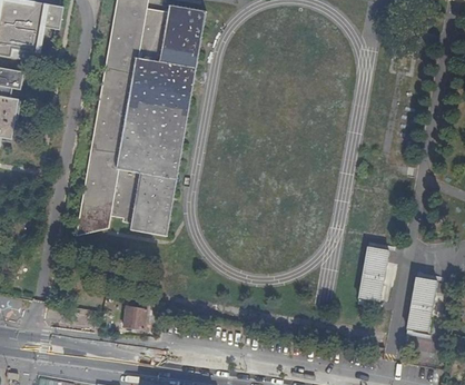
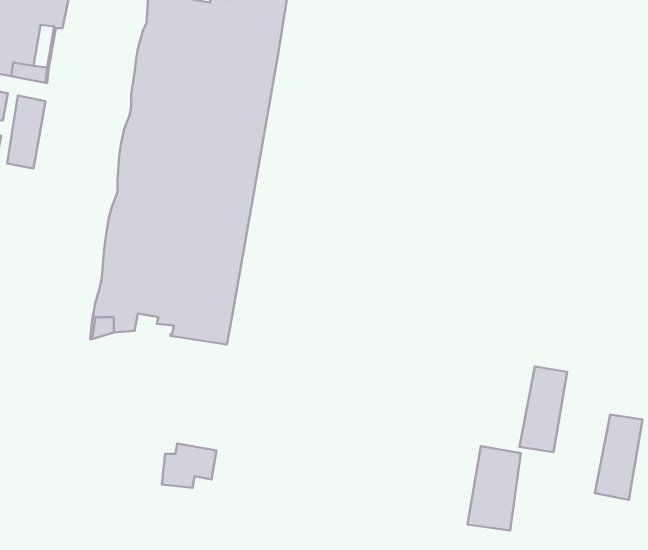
building: none -> [7,96,45,169]
building: none -> [467,446,521,531]

